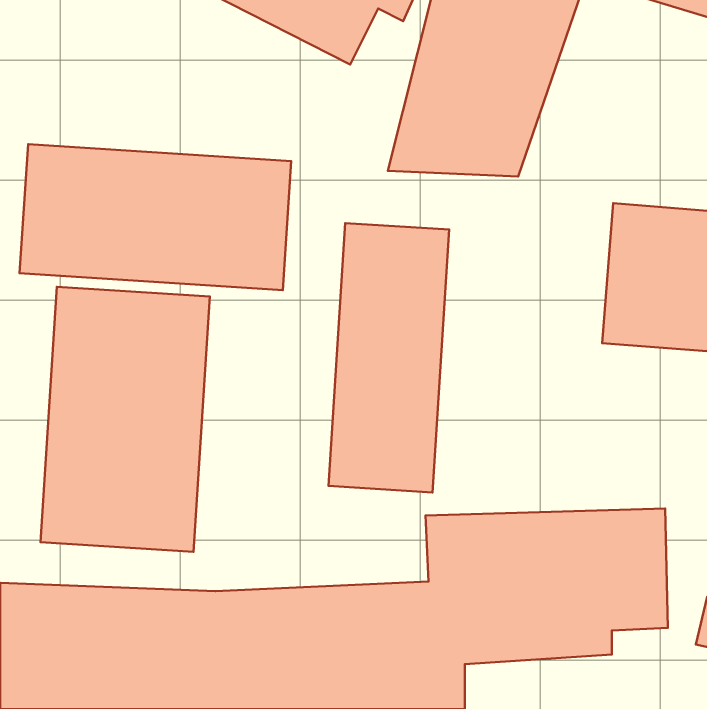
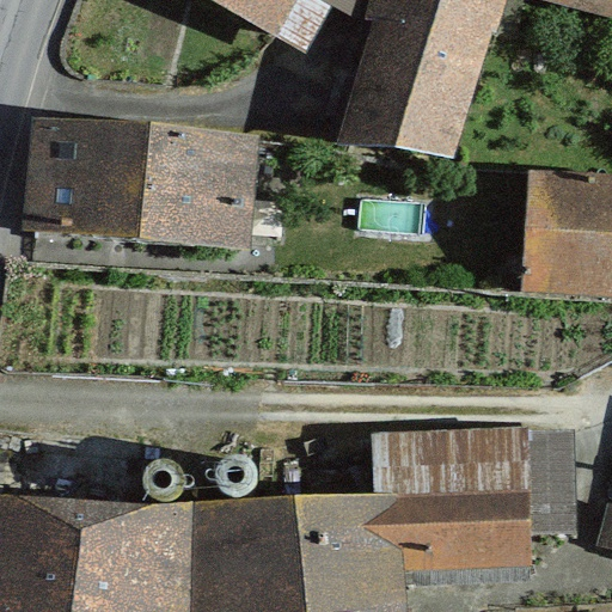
building: [328,223,449,492] -> none
building: [40,287,210,552] -> none

